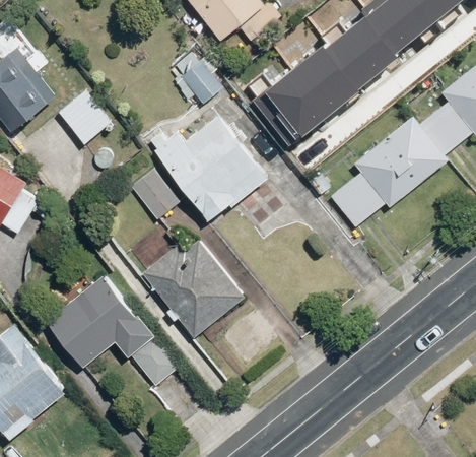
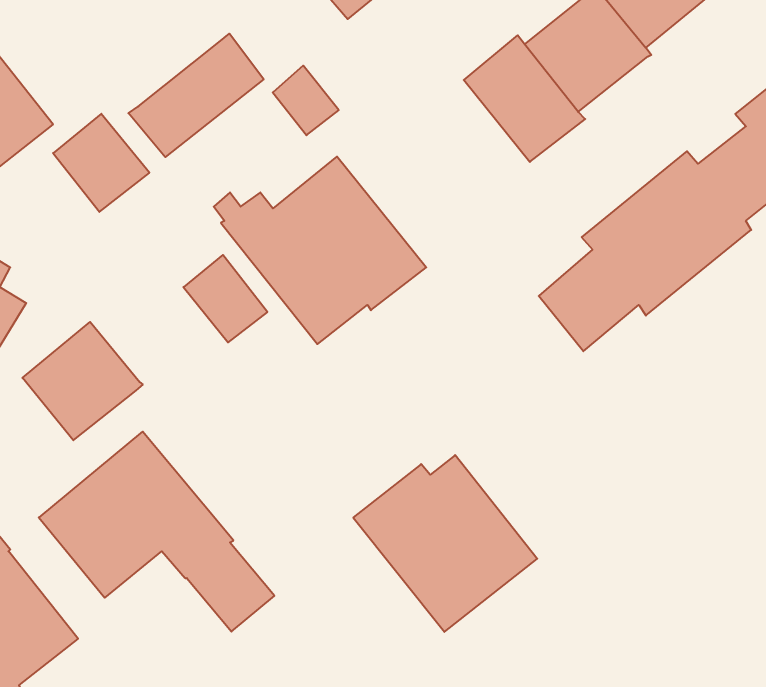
building: none -> [128,34,264,157]
building: [250,72,326,150] -> none
building: none -> [22,322,143,440]
building: [143,237,248,337] -> [353,455,537,632]

